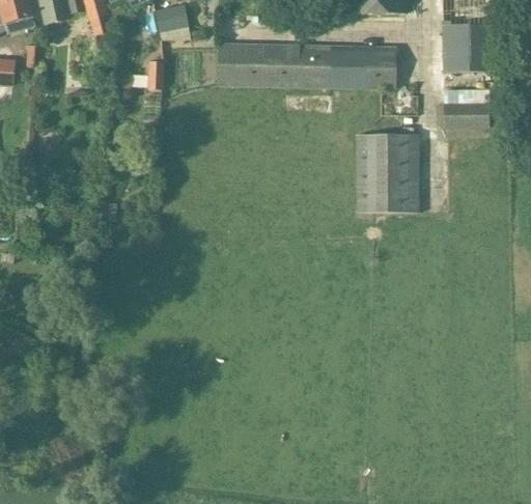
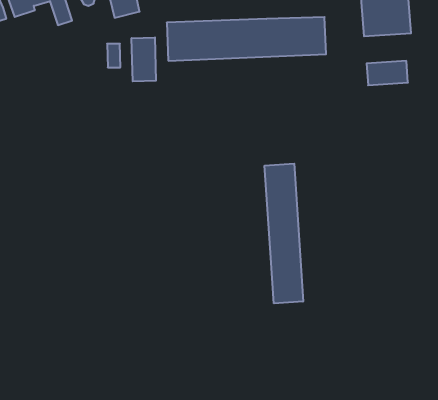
building: none -> [132,37,156,81]
building: [356,133,418,212] -> none
building: none -> [265,164,303,303]

